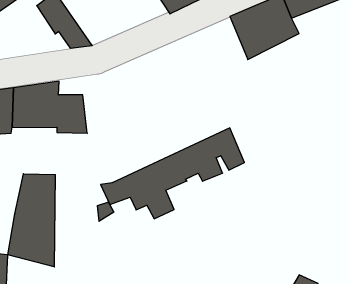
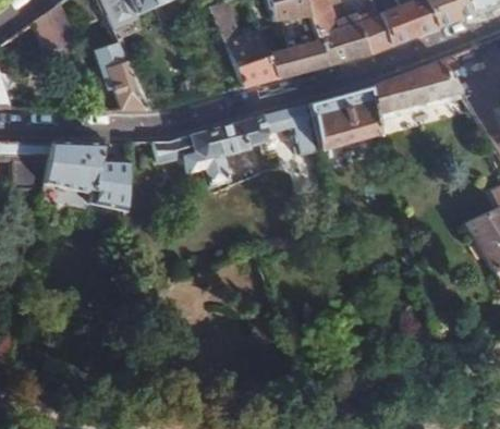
building: [101,128,244,219] -> [155,102,319,189]
building: [8,174,55,267] -> none

